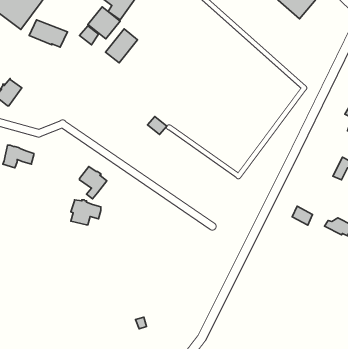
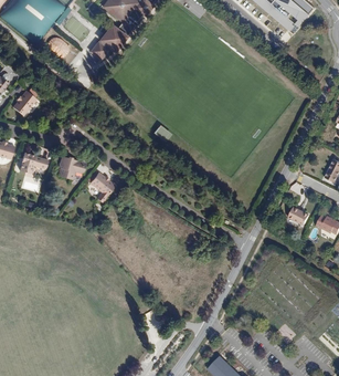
building: [105,29,138,63] -> none
building: [71,200,101,225] -> [59,156,86,179]

